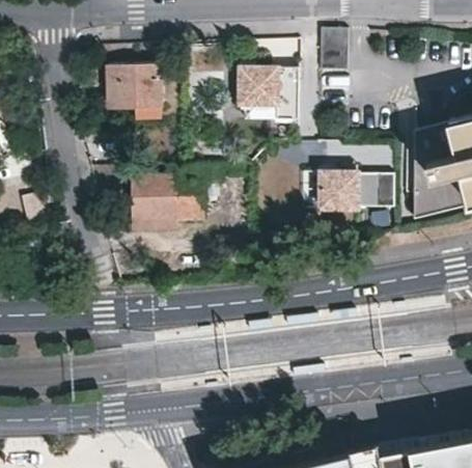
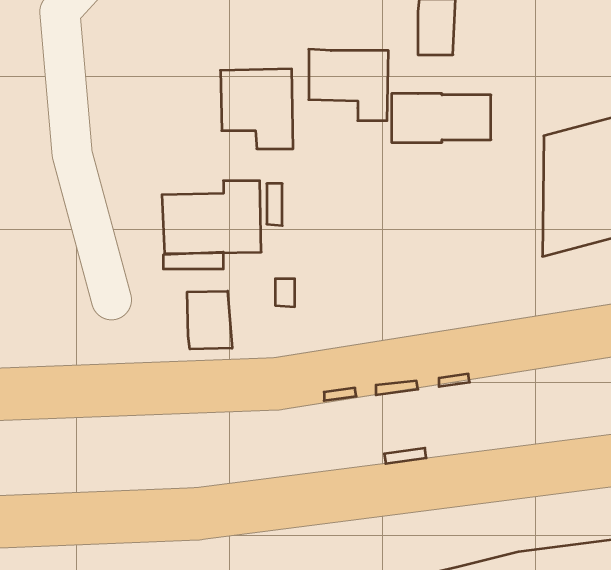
building: [107,63,161,122] -> [220,69,293,149]
building: [321,172,394,209] -> [392,94,491,142]
building: none -> [187,291,232,349]

